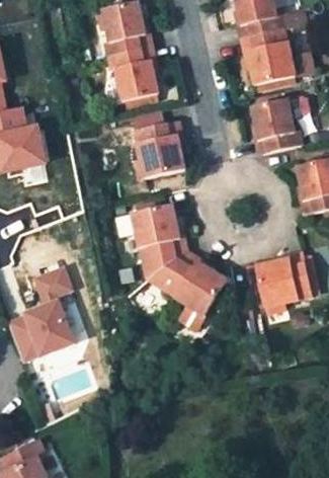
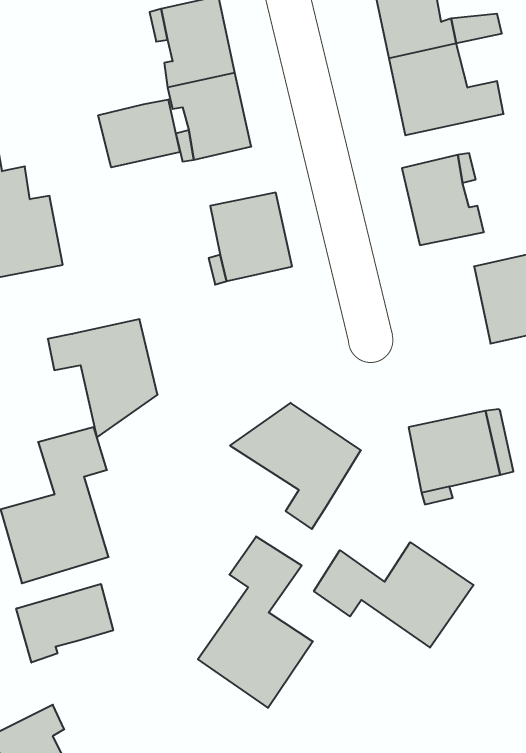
building: none -> [98,99,180,167]
building: [115,205,183,277] -> [48,319,158,437]
building: none -> [198,536,313,708]
building: none -> [314,542,474,648]
building: none -> [16,584,113,663]

